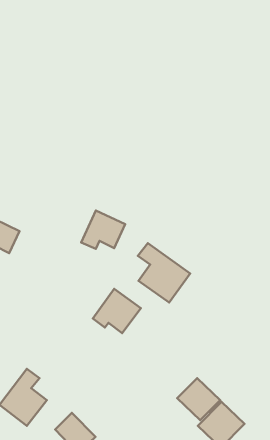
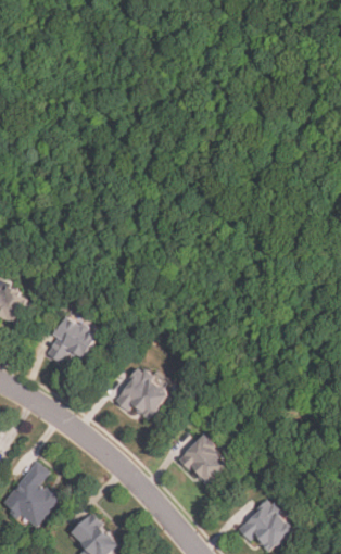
building: [81,210,125,249] -> [46,317,98,363]
building: [138,243,190,302] -> none
building: [177,378,220,420] -> [178,435,229,484]

